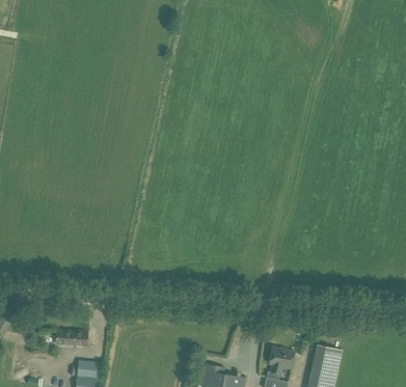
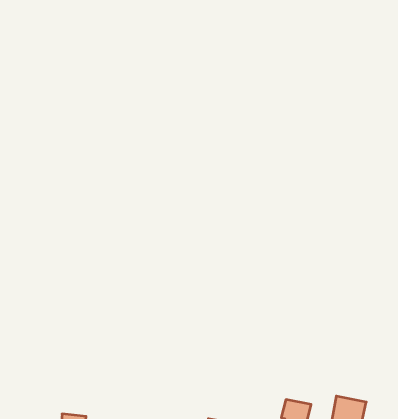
building: [55,331,87,347] -> none

